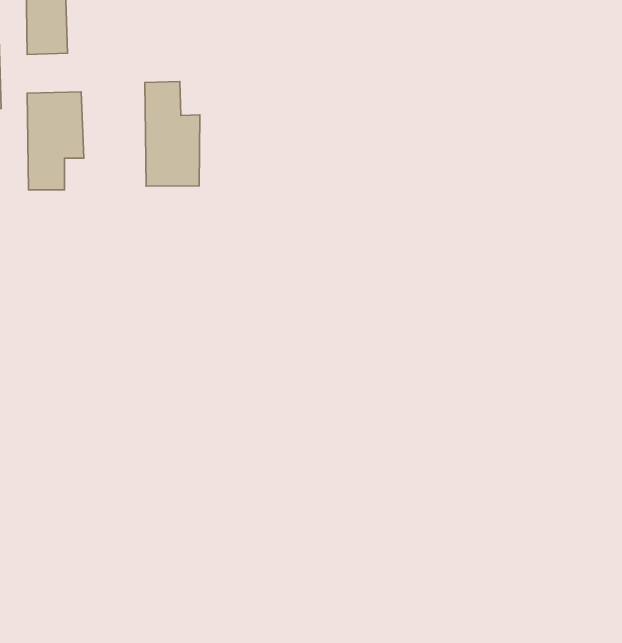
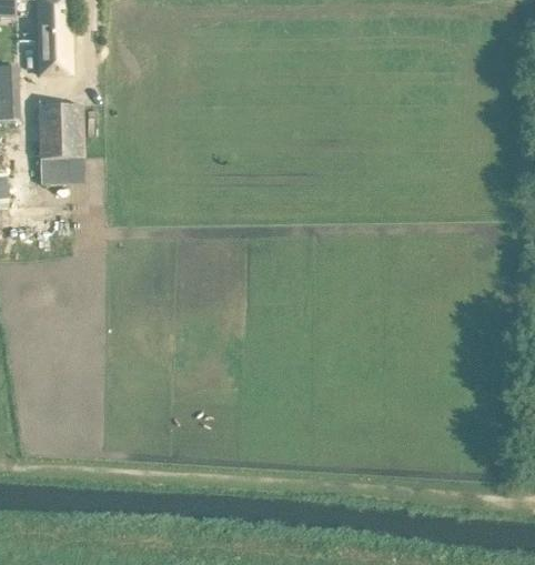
building: [145,81,200,186] -> none

